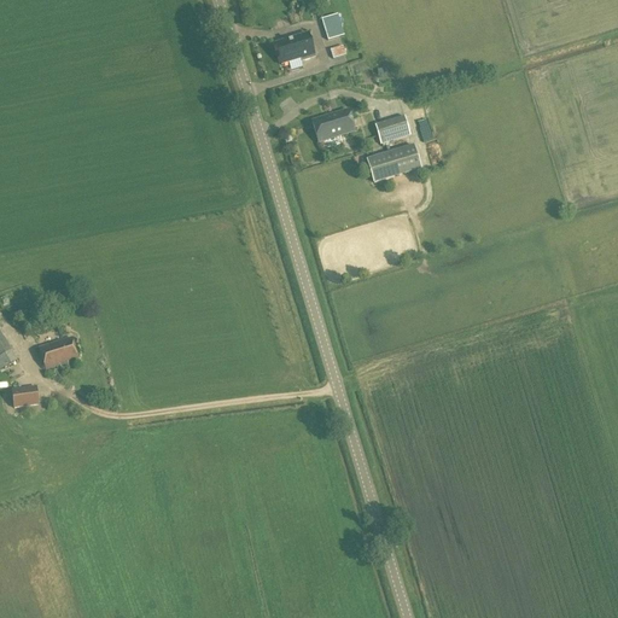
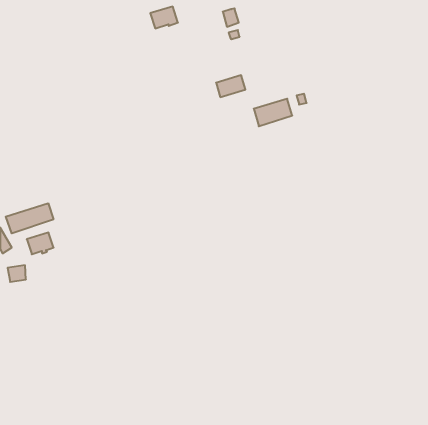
building: [274,30,314,62] -> [150,7,178,28]
building: [374,113,410,144] -> none
building: none -> [6,203,53,233]

